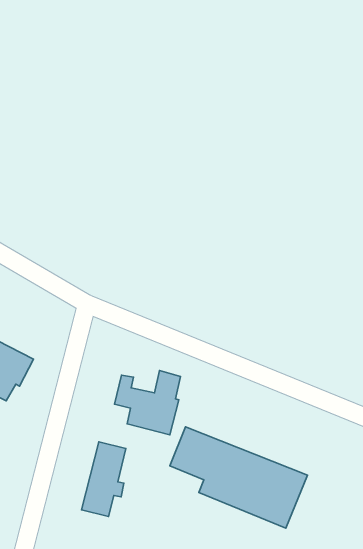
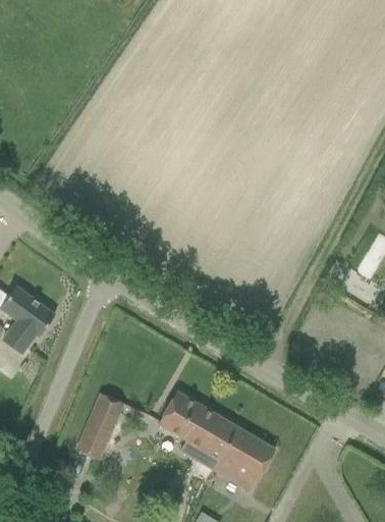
building: [115,370,181,435] -> none

